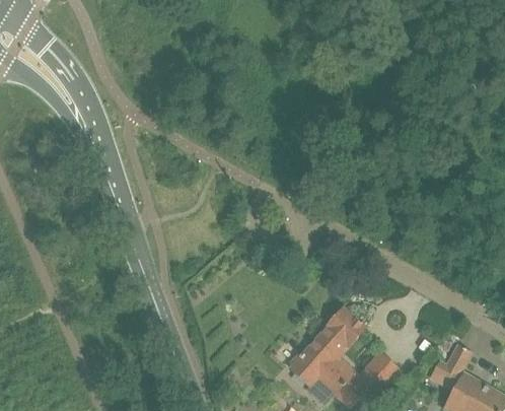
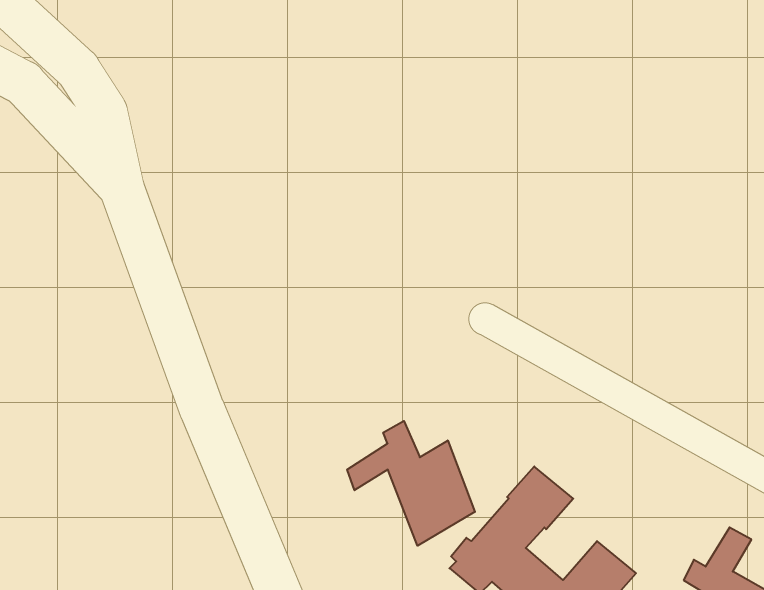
building: none -> [347,421,475,546]

